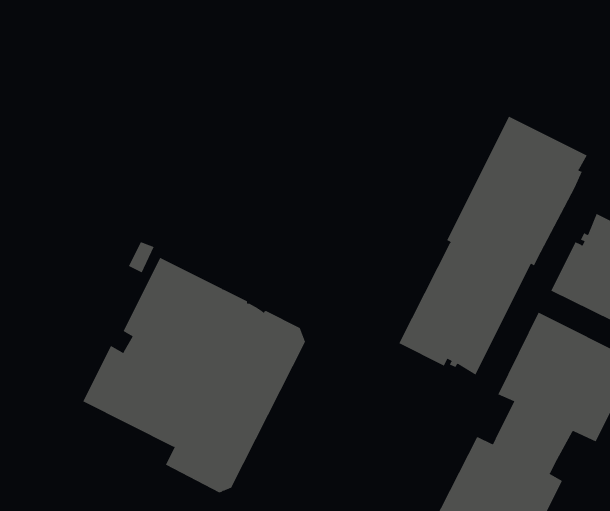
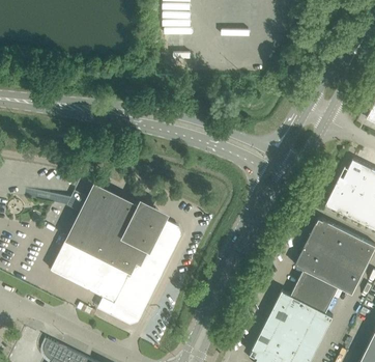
building: [398,116,587,375] -> none

